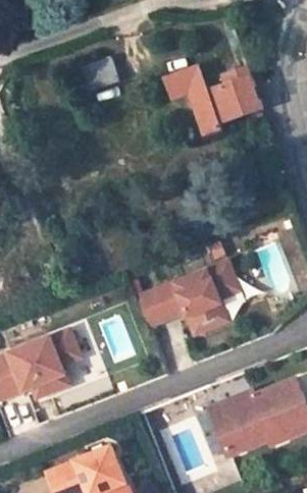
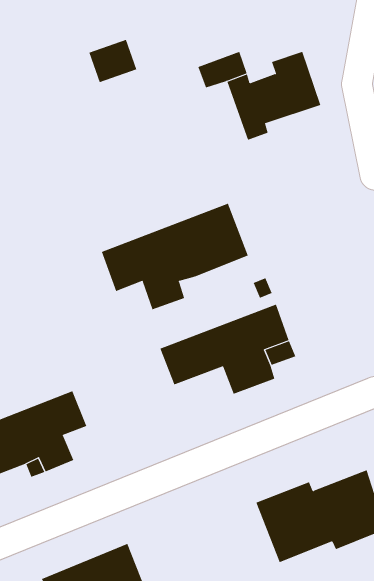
building: none -> [101,203,249,310]

